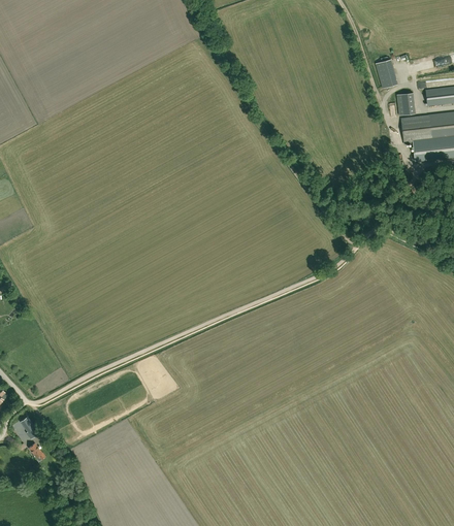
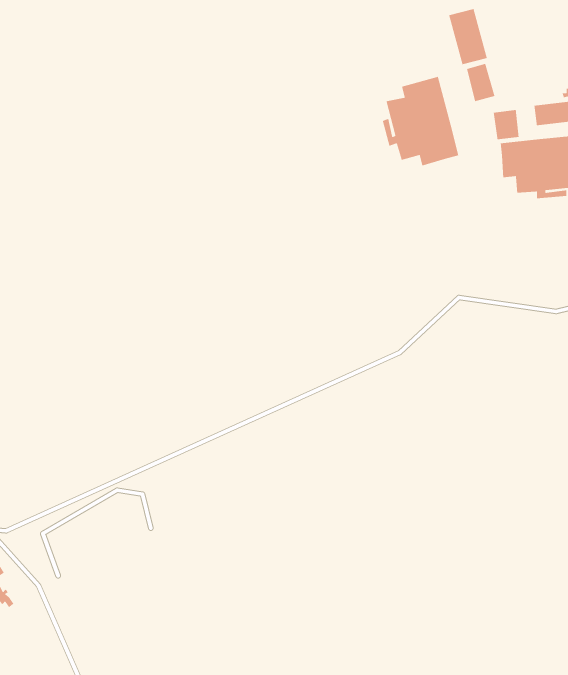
building: none -> [448,8,488,65]
building: none -> [382,76,459,166]

